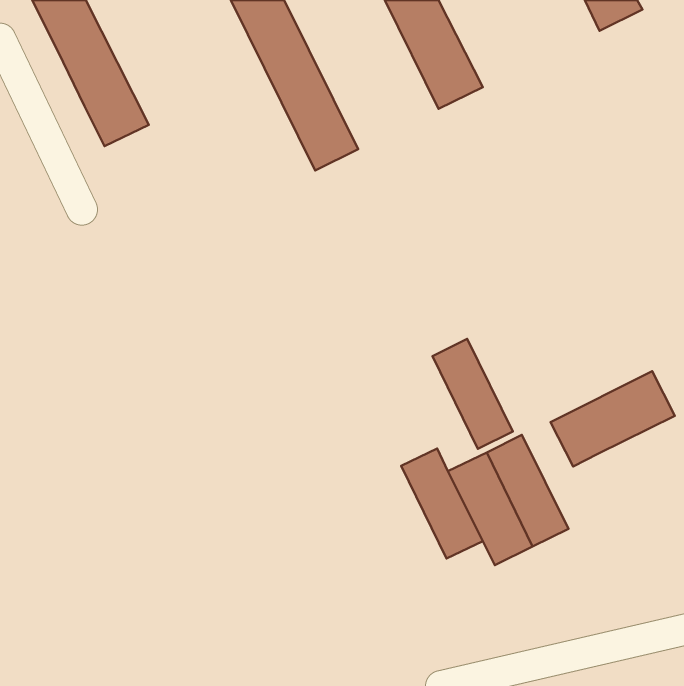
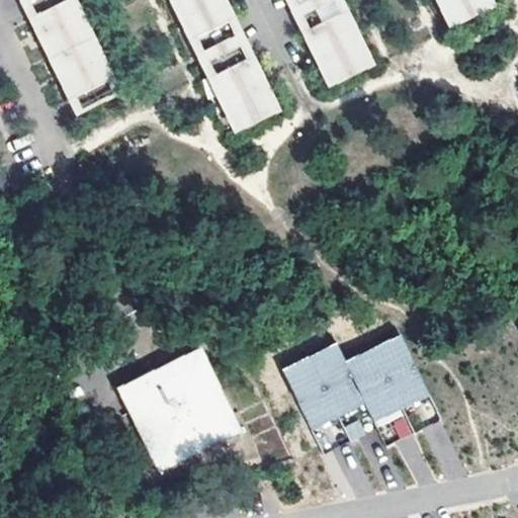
building: [432,339,513,449] -> [277,351,338,434]
building: [551,371,675,467] -> none
building: none -> [118,349,241,470]

